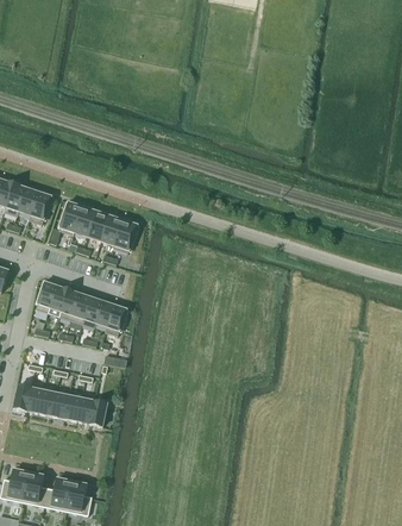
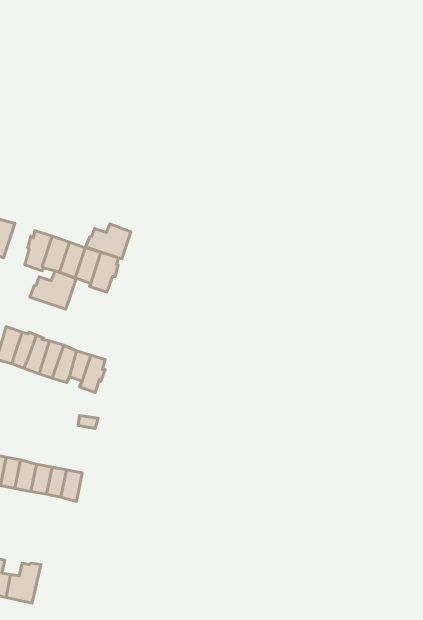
building: none -> [86,224,131,259]
building: none -> [30,271,76,309]
building: [65,478,92,515] -> none

